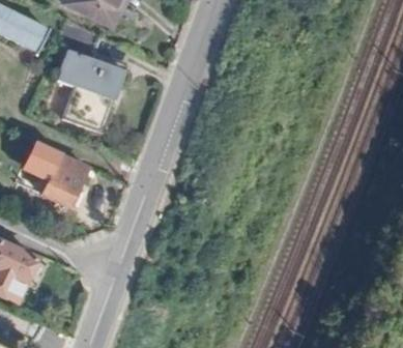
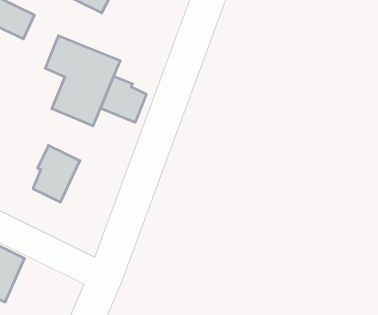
building: none -> [101,76,146,122]
building: [19,141,59,192] -> none

